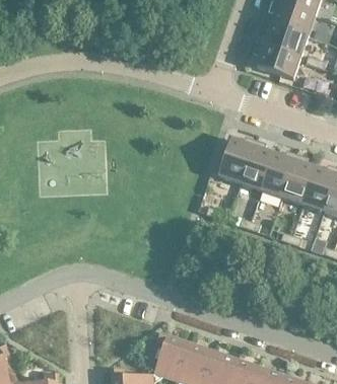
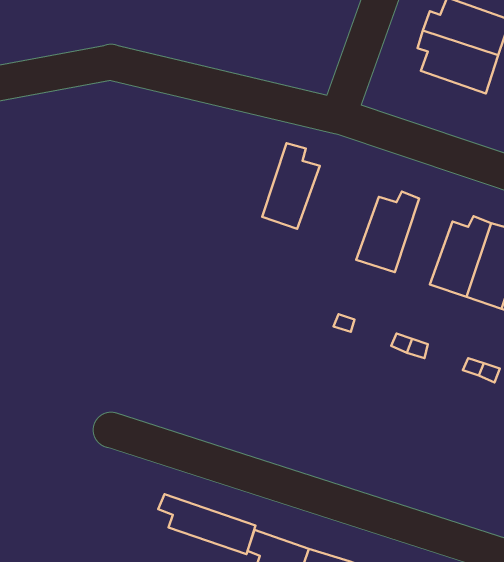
building: [241,141,274,190] -> [262,143,320,229]
building: none -> [158,494,256,554]

